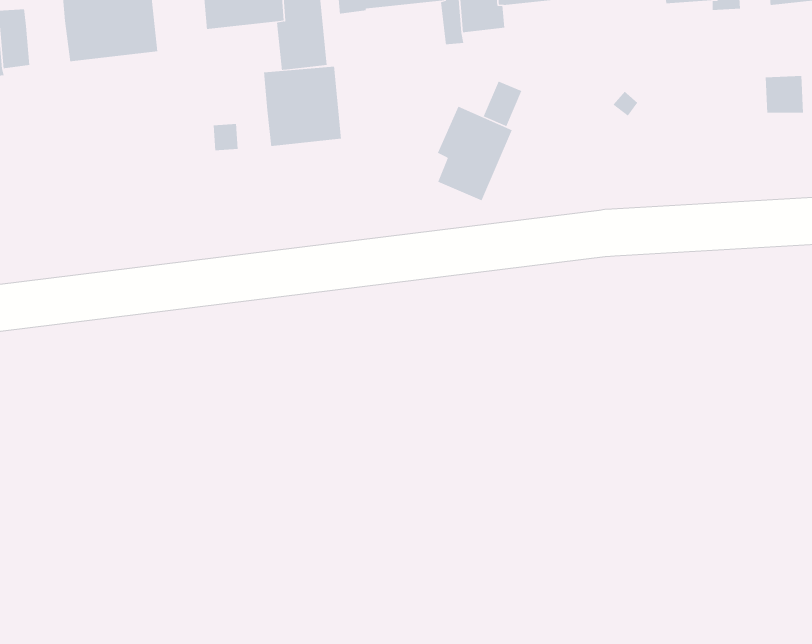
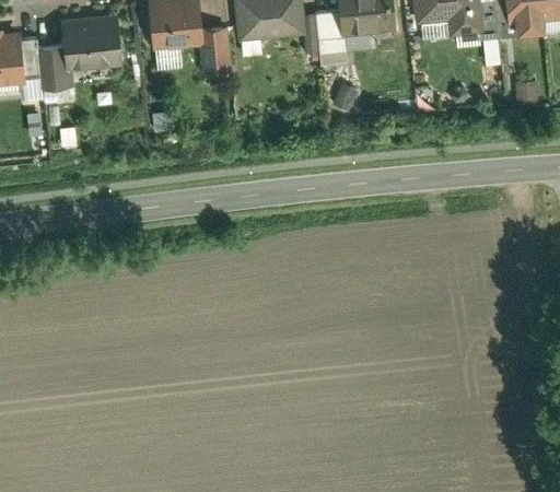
building: none -> [38,47,72,91]
building: [264,66,341,147] -> none
building: [437,106,513,201] -> none

